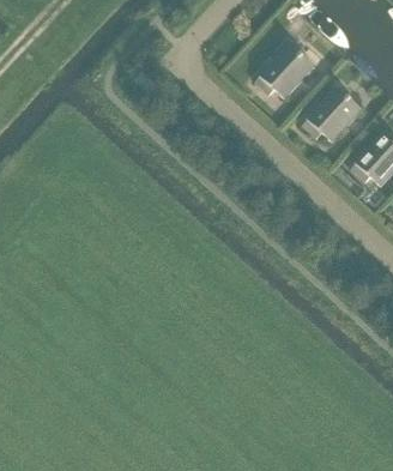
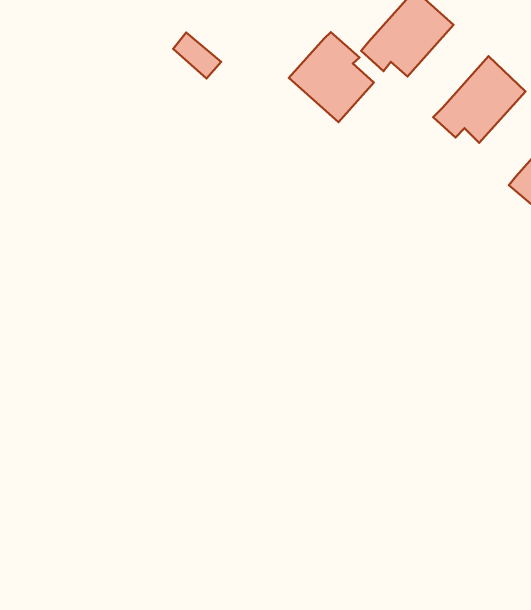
building: none -> [289,32,374,122]

